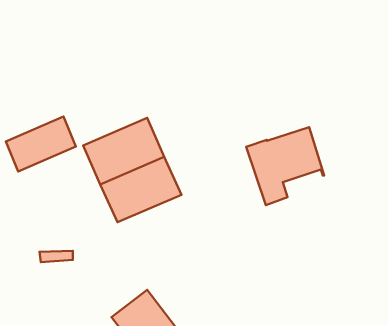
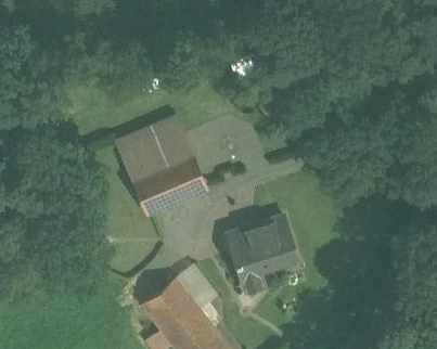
building: [6,117,76,171] -> none
building: [246,127,324,205] -> [226,217,299,290]

